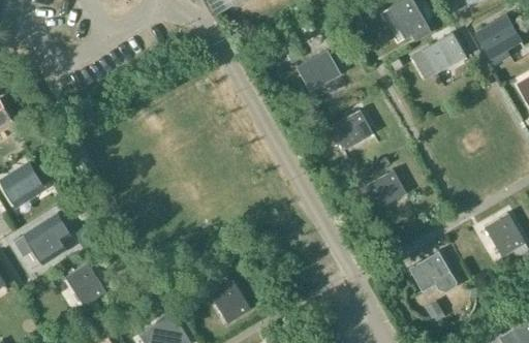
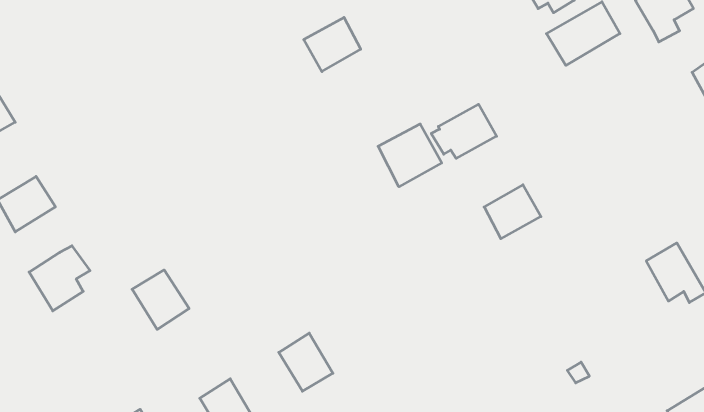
building: [297,50,339,90] -> [304,17,361,72]
building: none -> [378,124,442,187]
building: [408,251,456,291] -> none
building: [65,262,107,307] -> [132,270,189,329]

